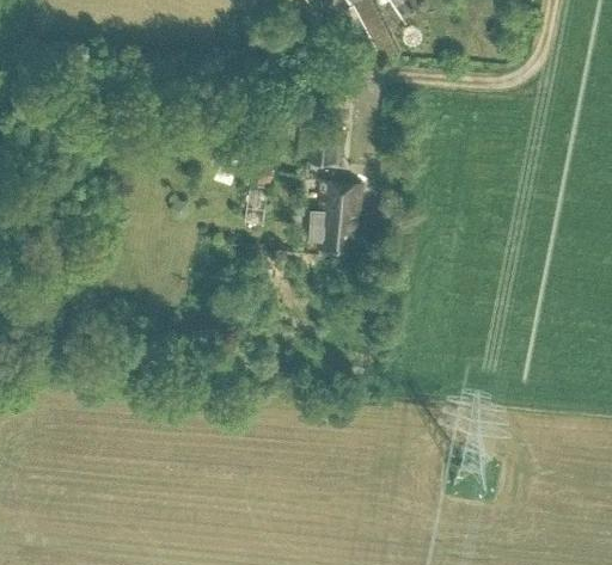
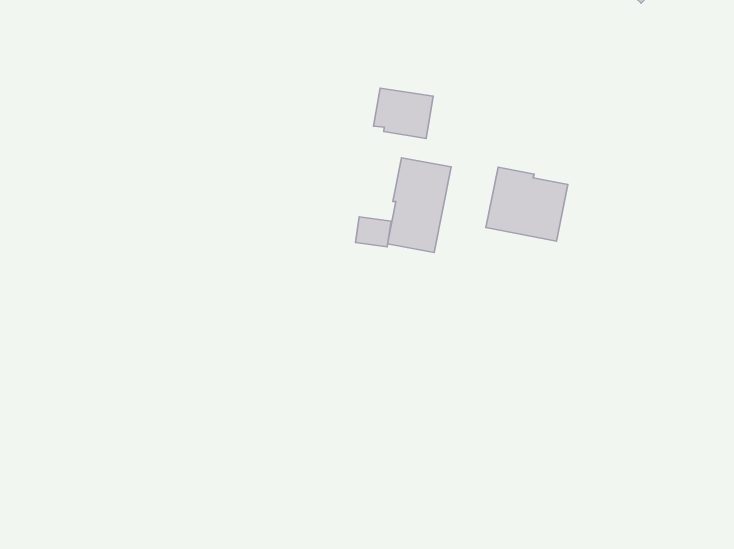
building: none -> [486,167,568,241]

